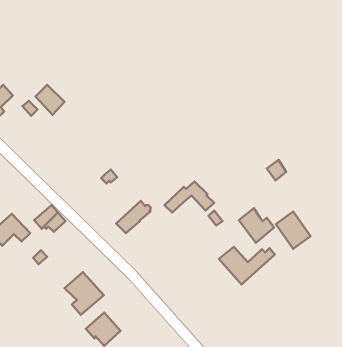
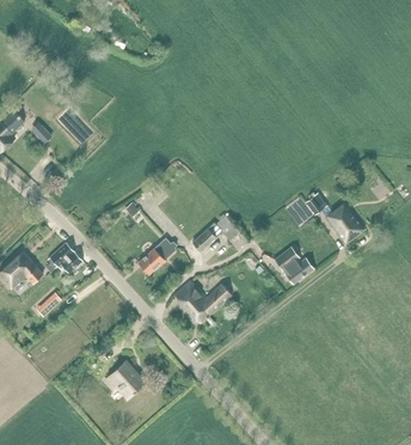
building: [276,211,310,249] -> [326,202,364,244]
building: [219,247,275,285] -> [174,281,237,323]
building: [64,272,104,315] -> none

